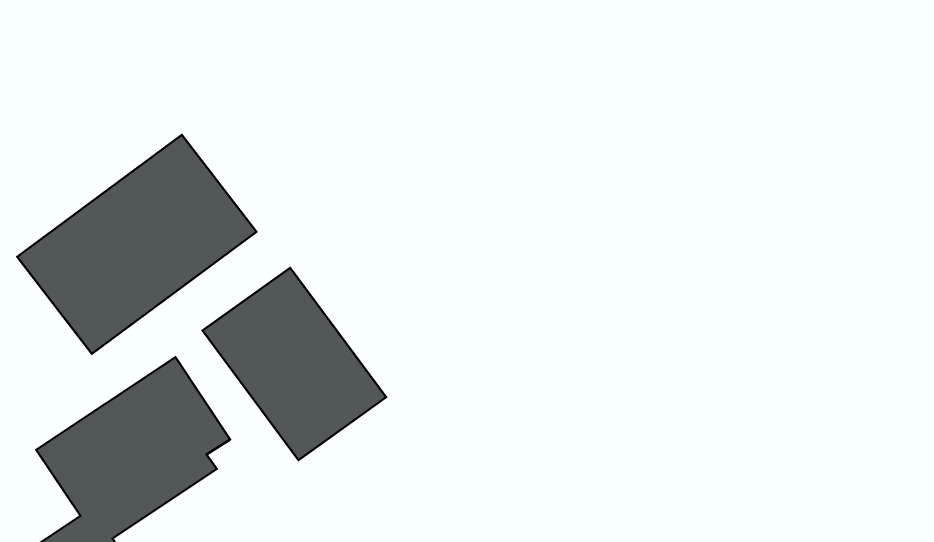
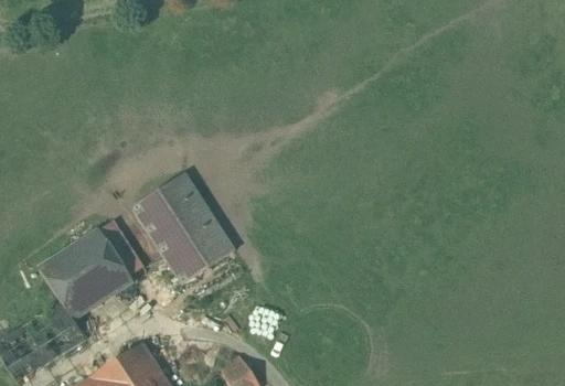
building: [17,135,256,354] -> none

